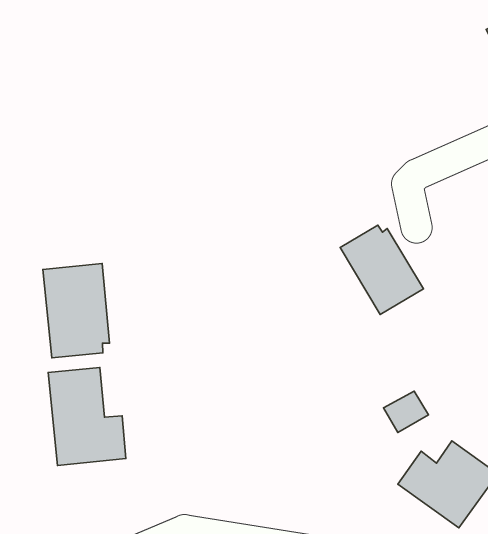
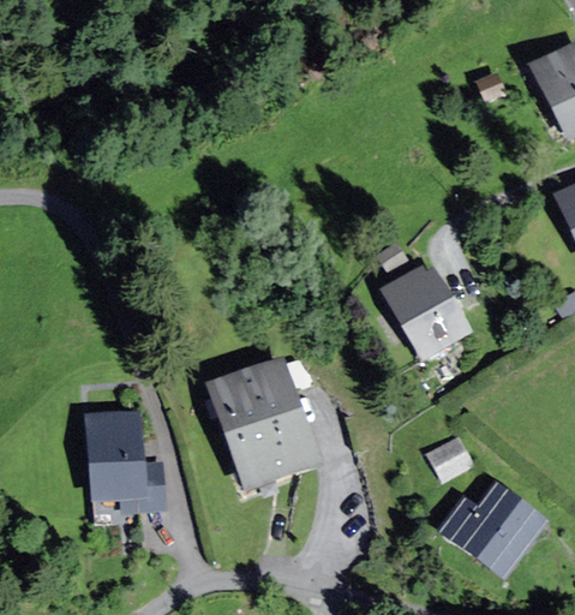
building: [43,263,109,358] -> none
building: none -> [210,363,317,486]

